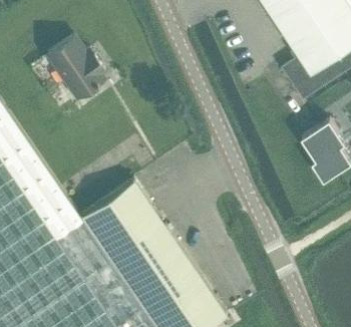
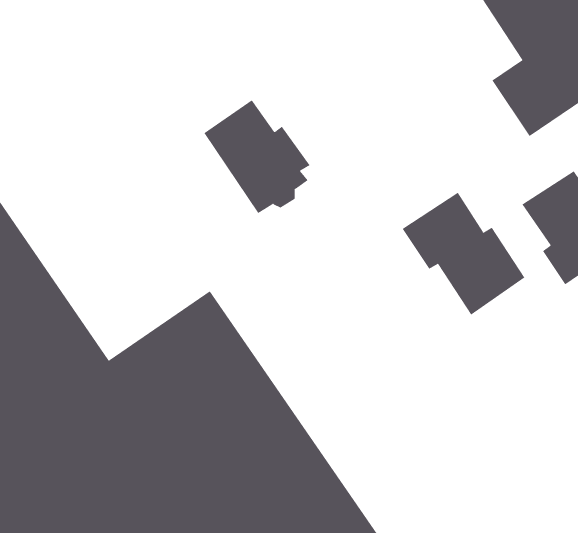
building: [47,37,104,98] -> [203,99,310,214]
building: none -> [402,192,525,315]

